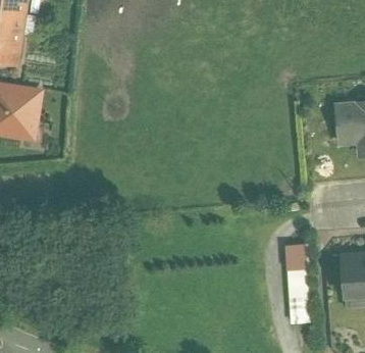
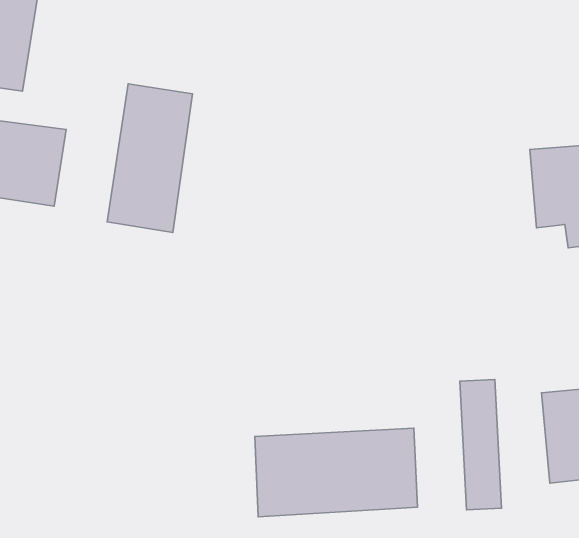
building: none -> [107,84,193,232]
building: none -> [255,428,418,517]

